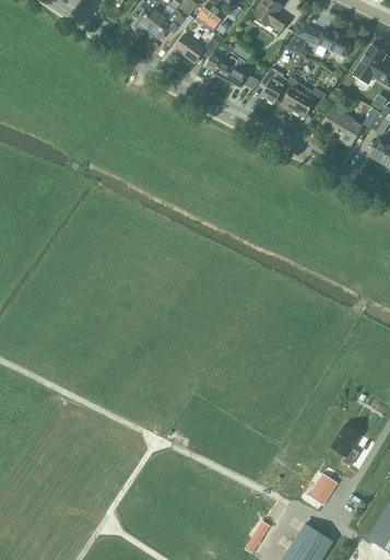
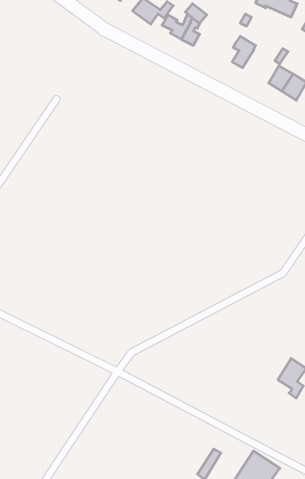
building: [262,67,285,103] -> none
building: [293,88,326,117] -> none
building: [309,474,338,504] -> none

